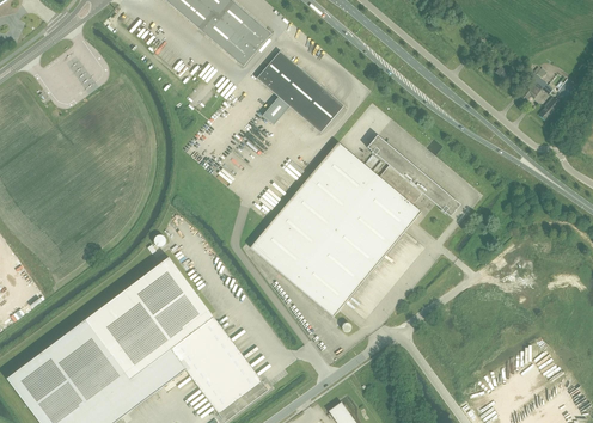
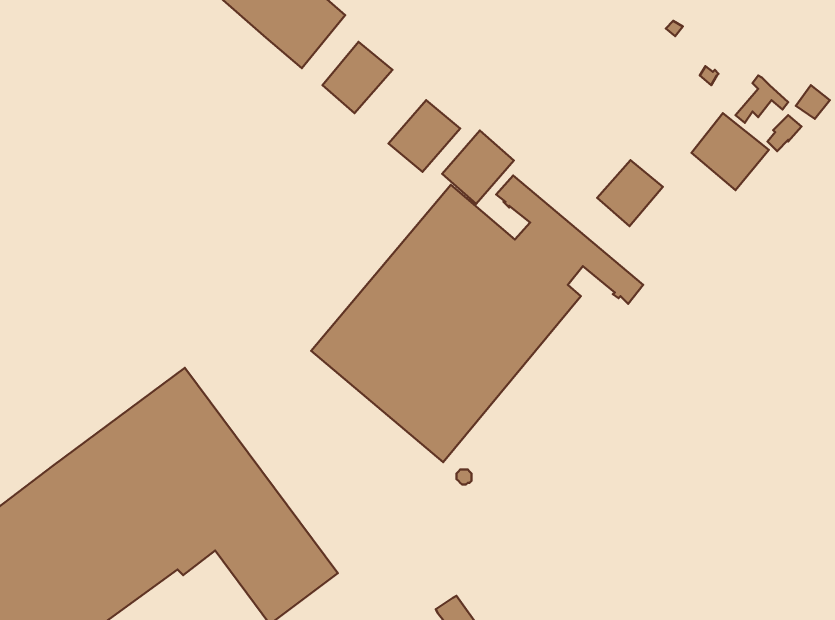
building: [276,68,322,115] -> [442,130,514,204]
building: none -> [691,113,769,190]
building: none -> [597,160,663,226]

